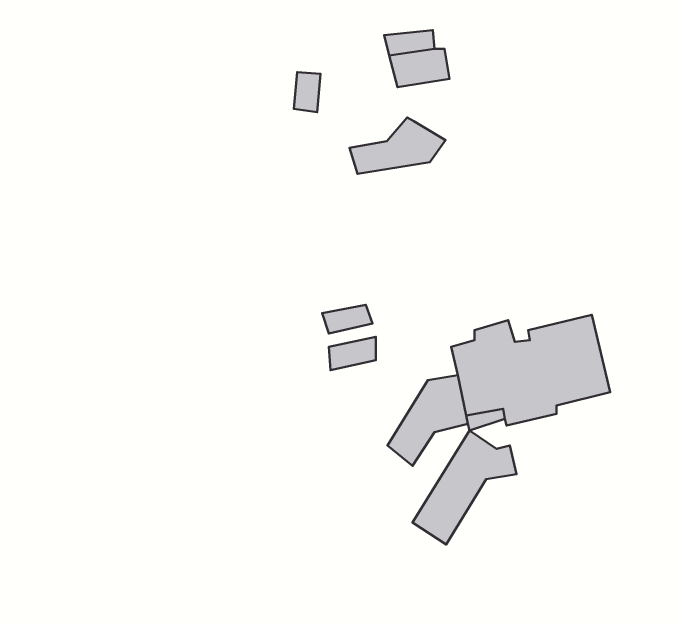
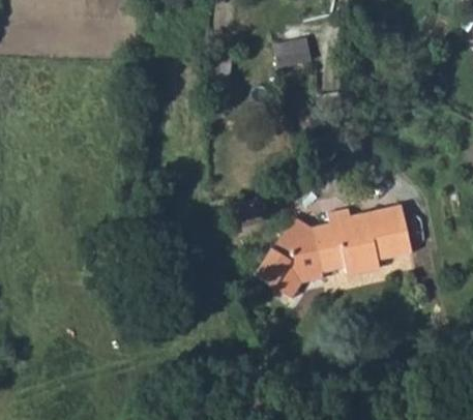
building: [349,117,446,174] -> none
building: [413,431,516,544] -> [254,216,318,287]

